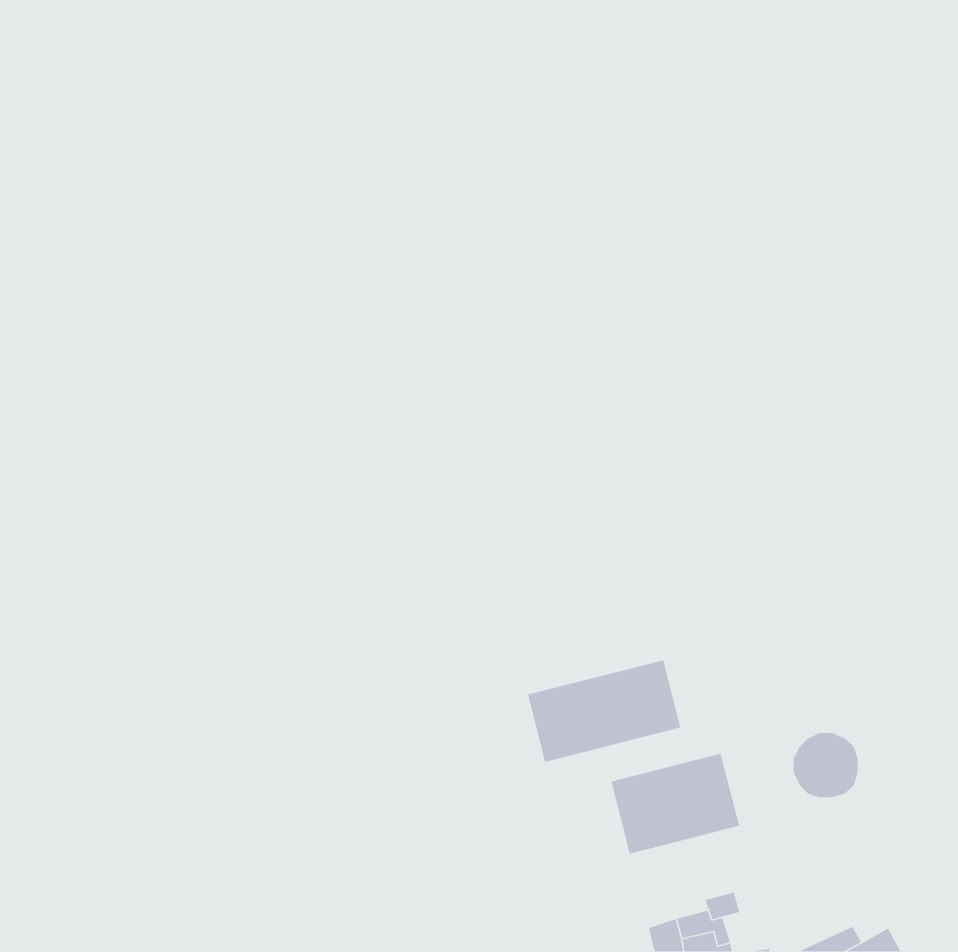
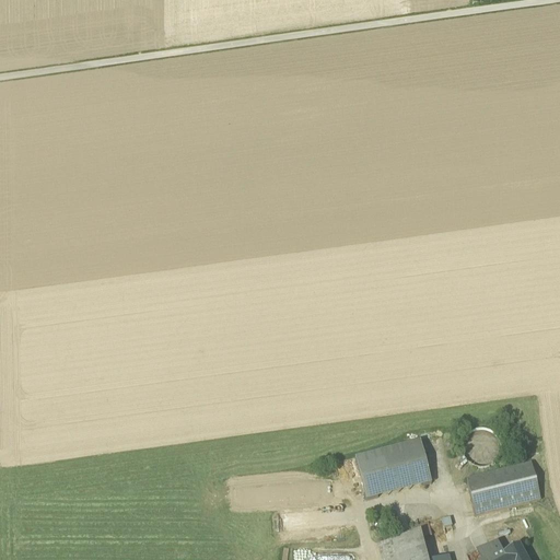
building: [527,659,681,763] -> none
building: none -> [467,460,541,514]

